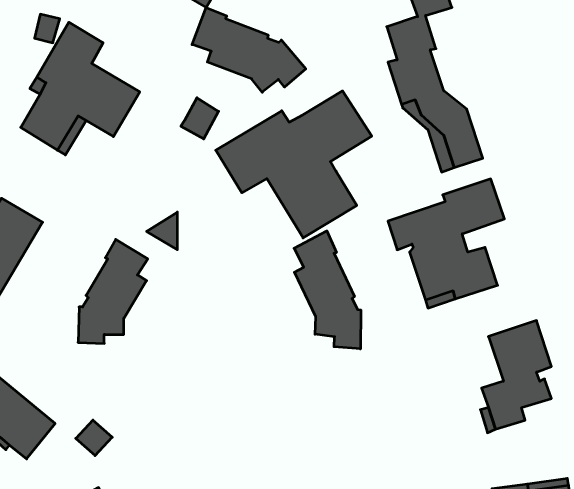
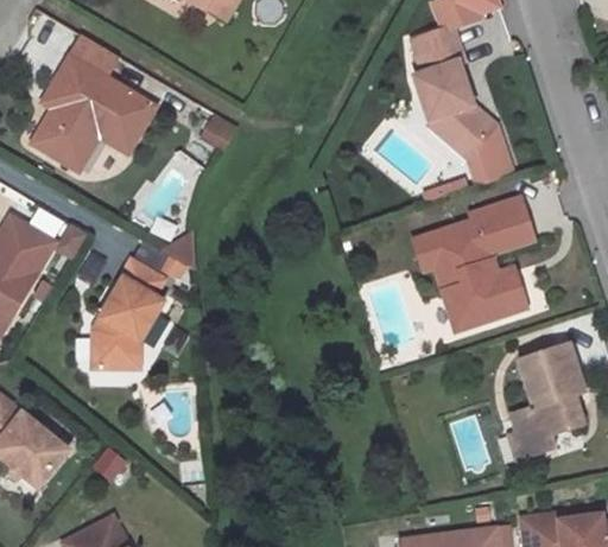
building: [192,7,306,92] -> none
building: [216,91,372,238] -> none
building: [294,231,361,349] -> none

